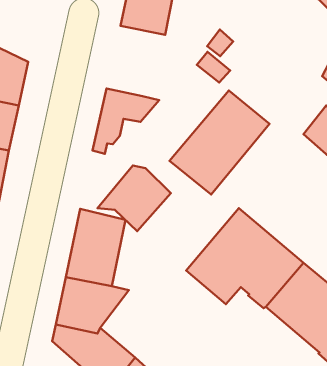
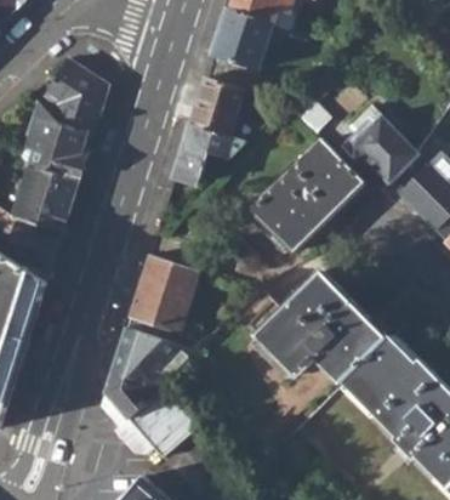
building: none -> [189,76,243,135]
building: none -> [340,104,418,183]
building: [98,165,171,231] -> none

